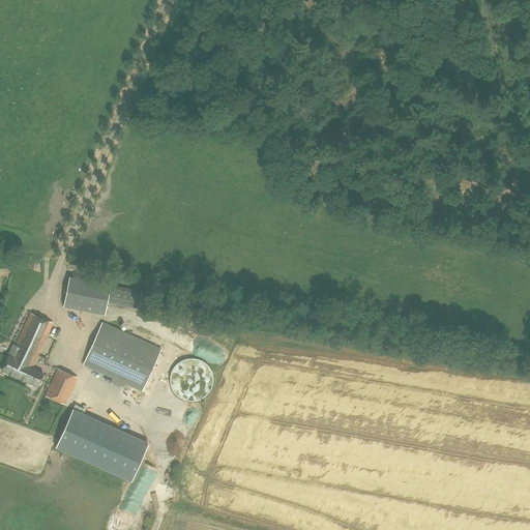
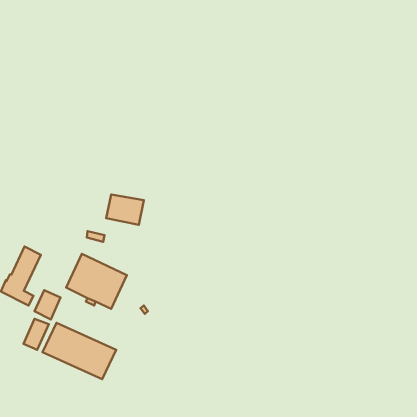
building: [62,275,110,314] -> [106,194,144,225]
building: none -> [24,319,49,350]

